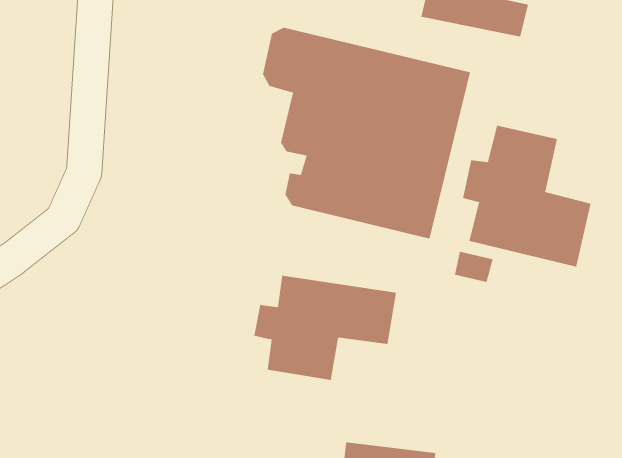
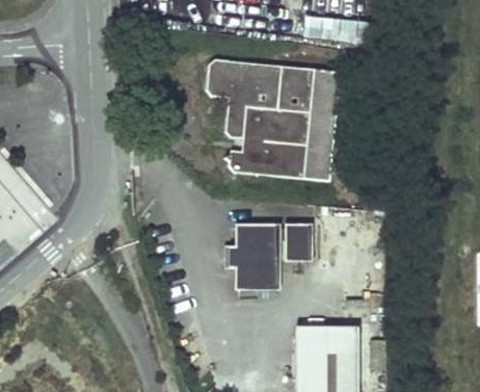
building: [462,125,591,268] -> none

